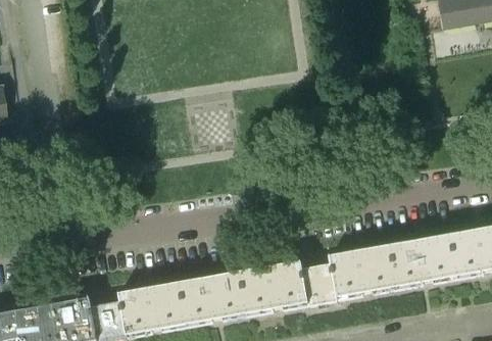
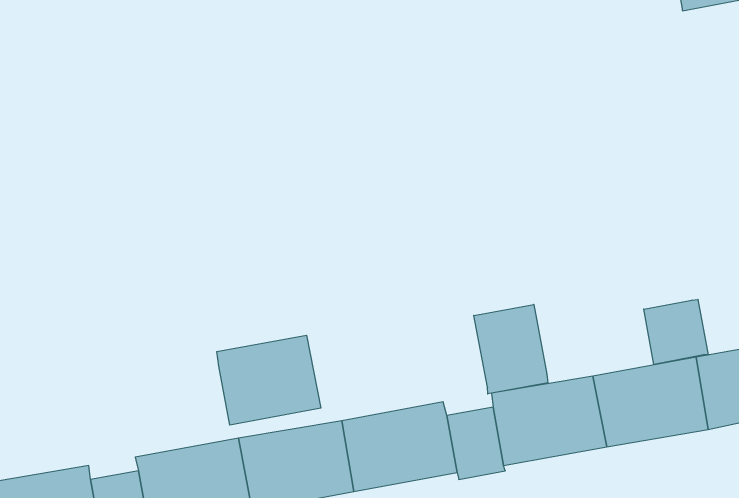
building: none -> [644,299,708,365]
building: none -> [474,304,548,394]
building: none -> [217,335,321,425]

